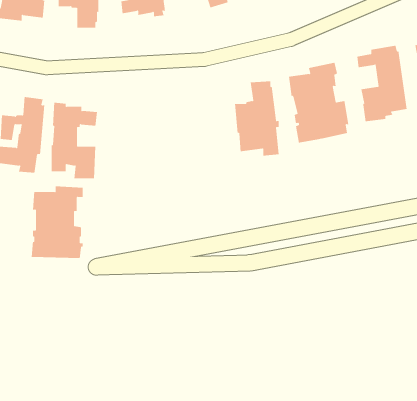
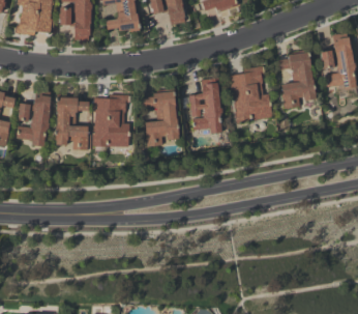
building: none -> [143,91,178,146]
building: [31,186,83,258] -> [91,93,129,146]

